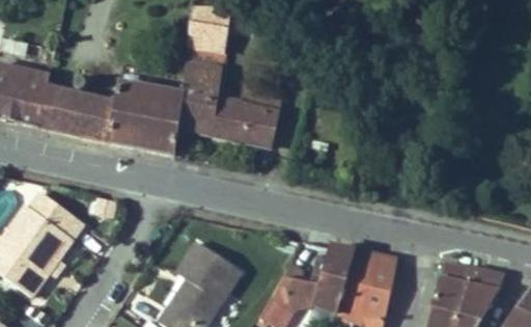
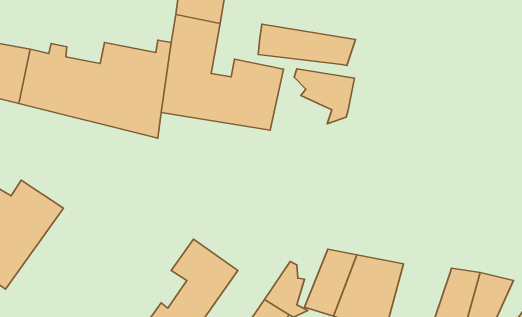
building: none -> [258,24,355,66]
building: none -> [294,69,354,124]

